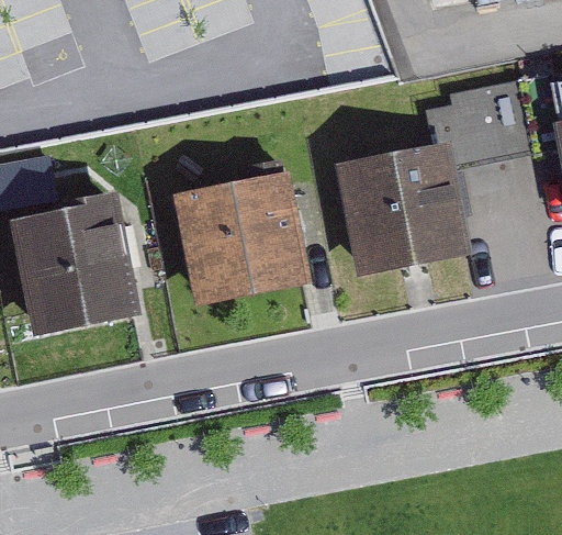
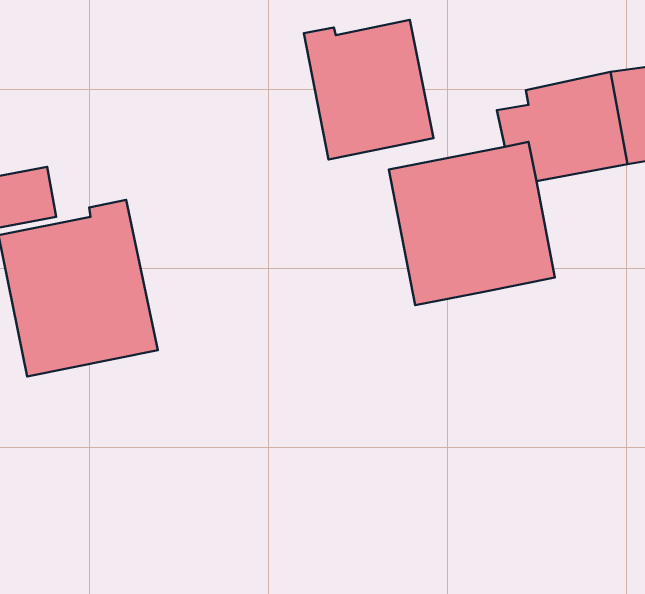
building: none -> [304,20,433,159]
building: [171,169,312,305] -> none

